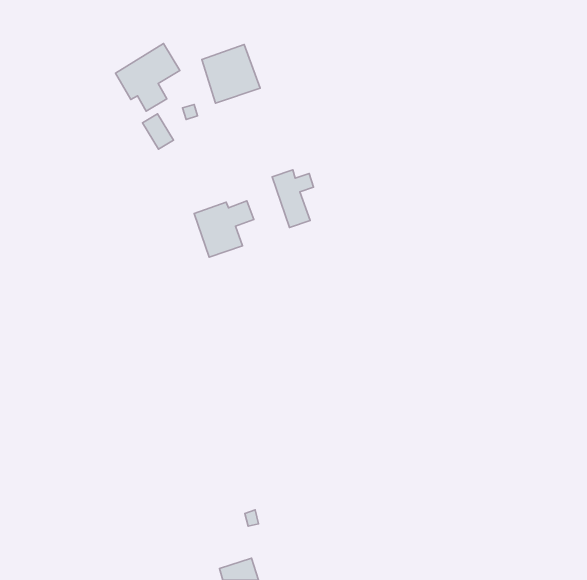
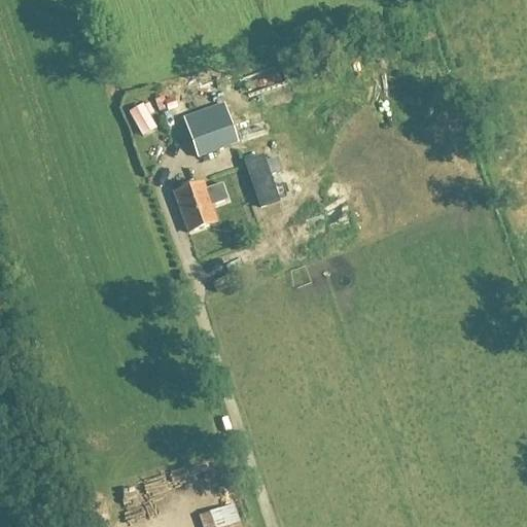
building: [115,44,180,111] -> none
building: [202,45,260,103] -> [185,102,238,154]

